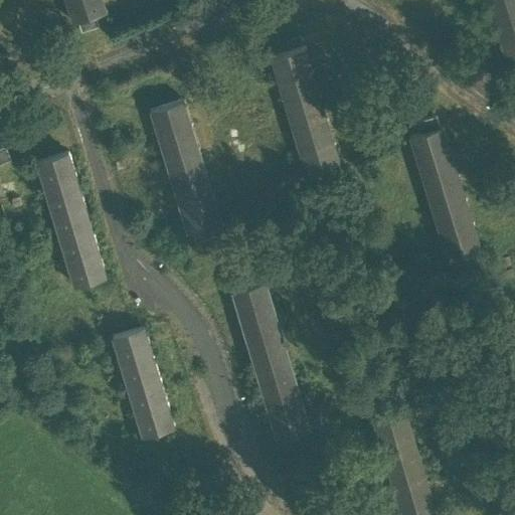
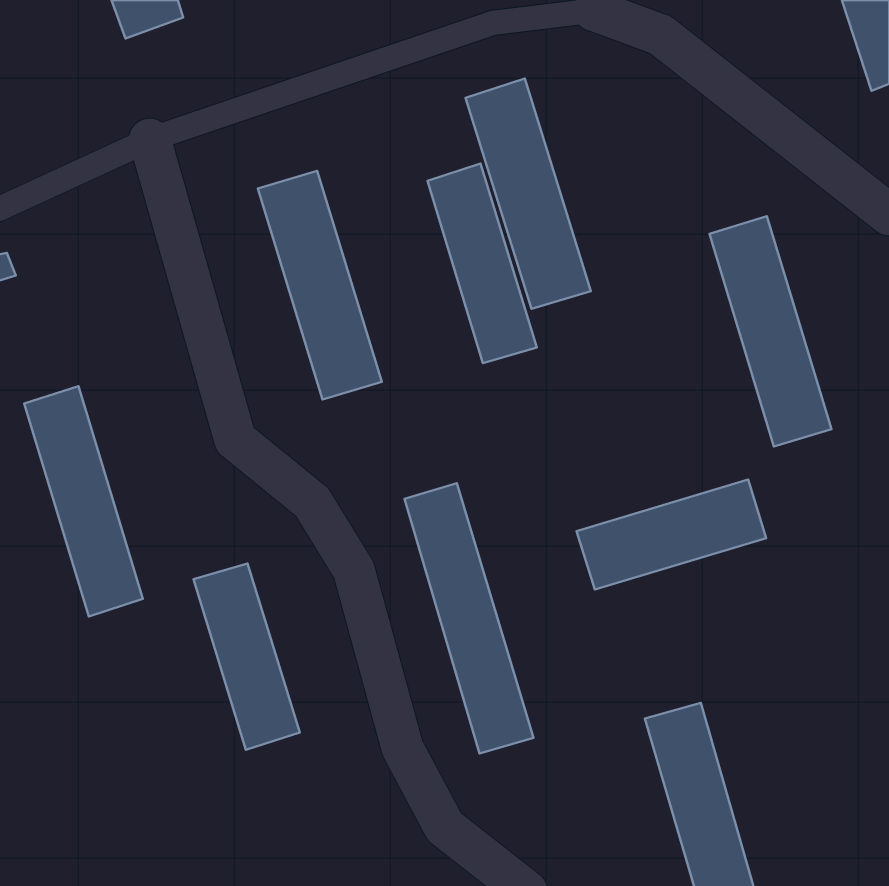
building: none -> [428,164,537,363]
building: [36,153,105,286] -> [24,386,143,616]
building: none -> [577,480,766,590]

